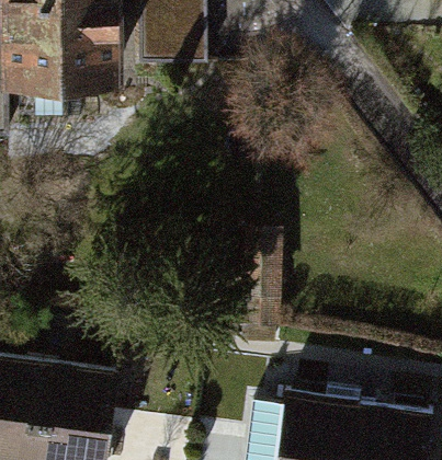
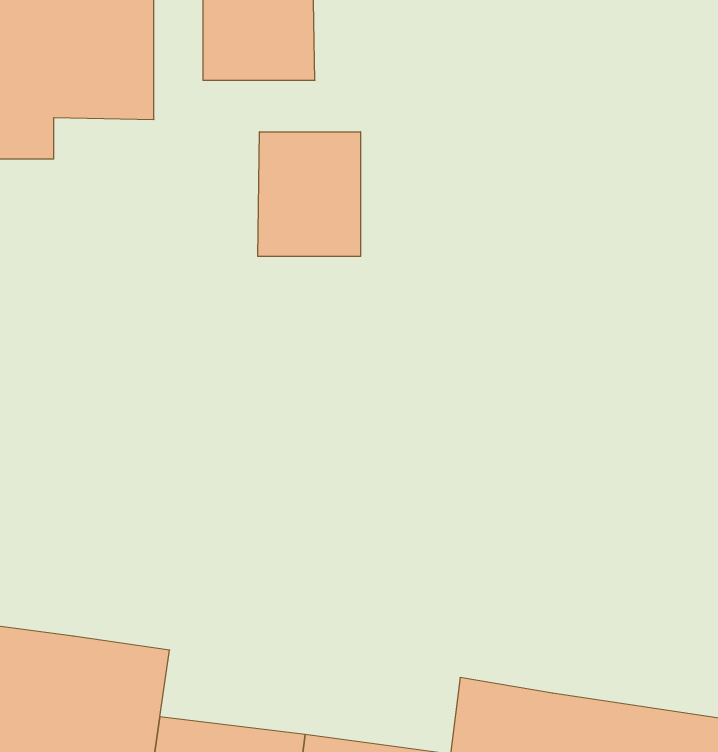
building: none -> [258,132,361,256]

